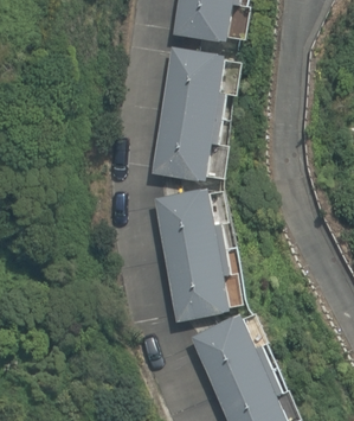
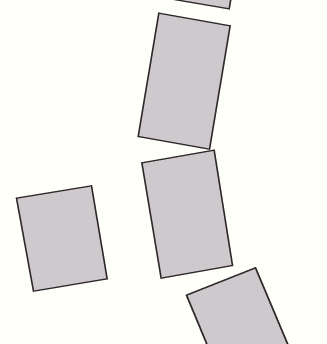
building: none -> [16,186,107,291]

